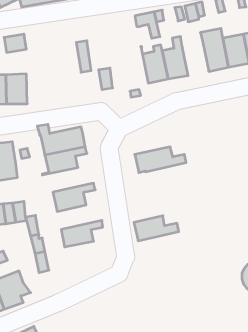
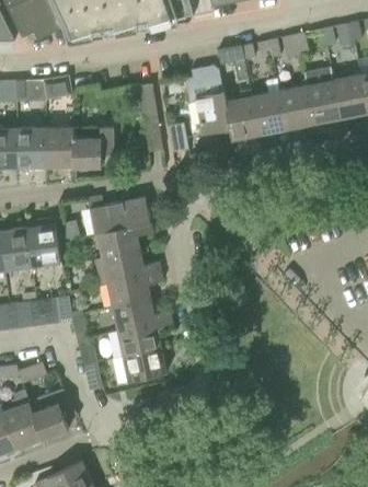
building: none -> [184,66,232,141]
building: none -> [277,86,312,130]
building: none -> [71,127,112,167]
building: [135,147,186,173] -> [92,252,160,286]
building: [134,216,179,241] -> [112,301,171,334]
building: none -> [122,349,165,382]

